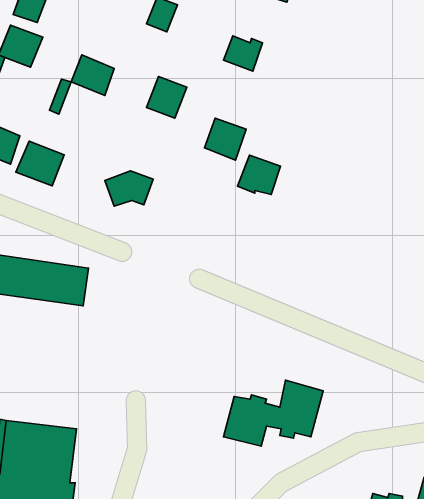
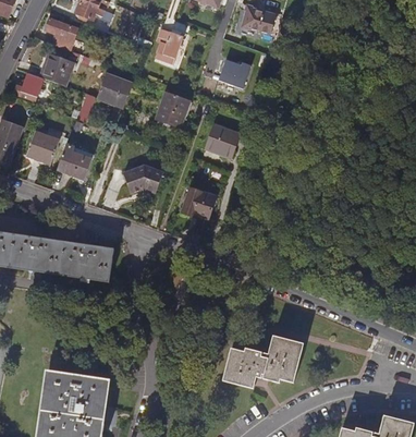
building: [237,155,280,194] -> [178,190,212,221]

